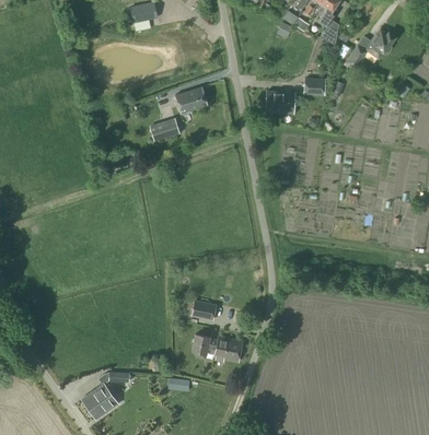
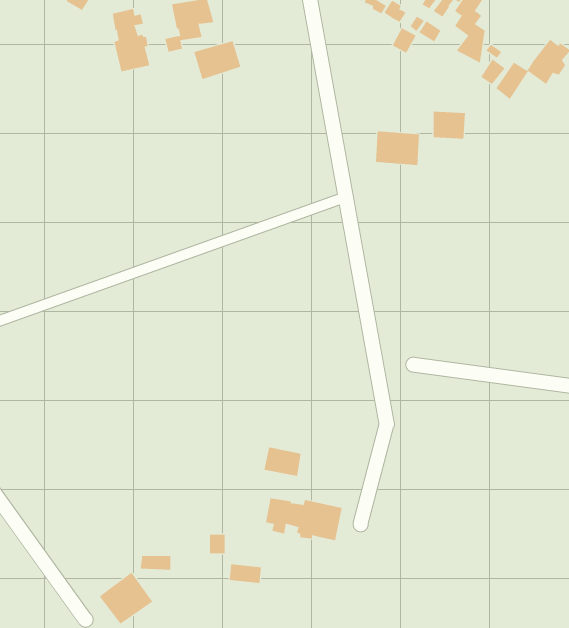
building: none -> [112,8,150,72]
building: [176,86,208,113] -> [194,40,241,80]
building: [150,117,181,140] -> none

